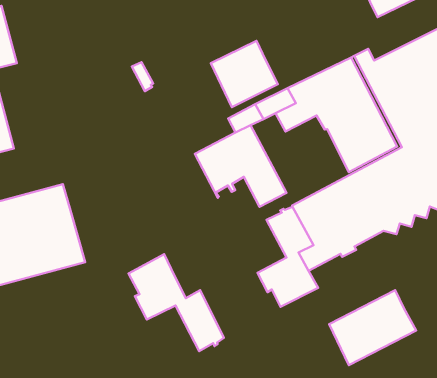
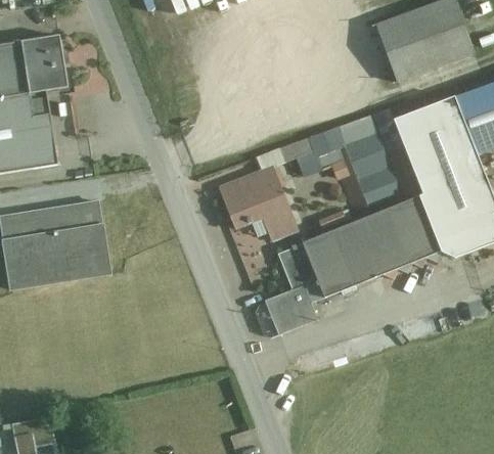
building: [211,41,278,107] -> none
building: [128,254,224,351] -> none
building: [329,290,416,365] -> none

